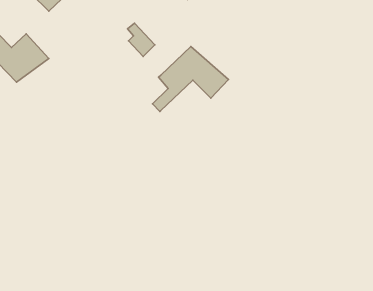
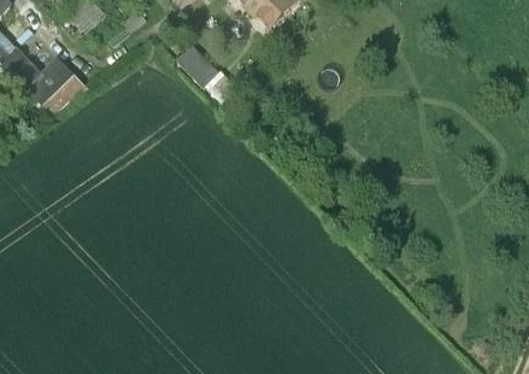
building: [153,46,228,112] -> none

